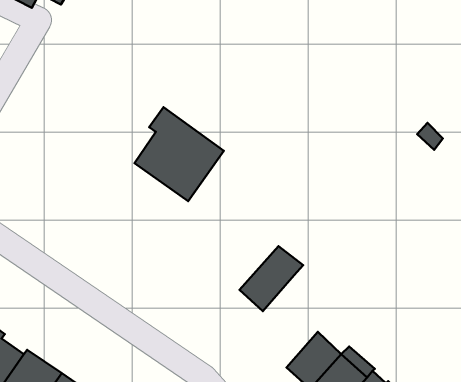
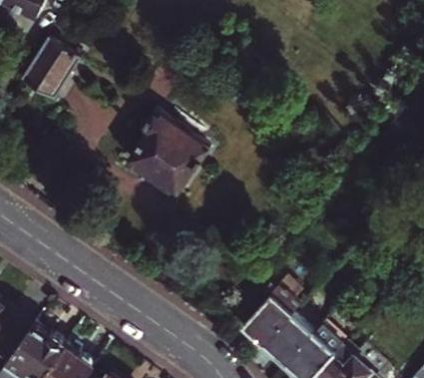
building: none -> [22,38,81,100]
building: [239,246,303,311] -> [243,286,300,344]

